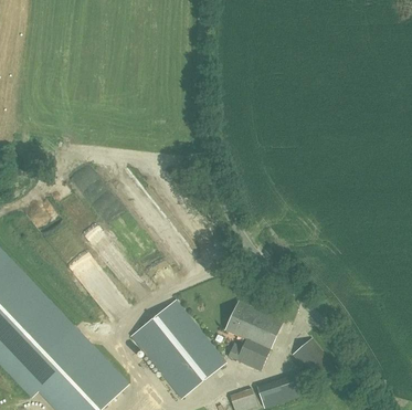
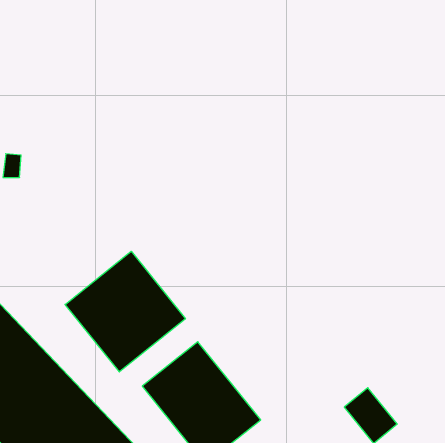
building: none -> [65,251,185,372]
building: [225,301,283,370] -> none

